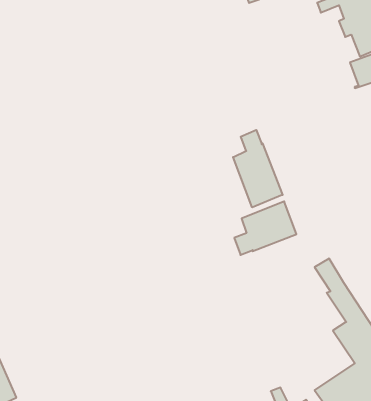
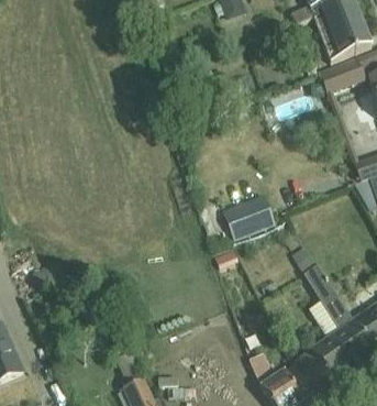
building: [233,130,283,207] -> none

